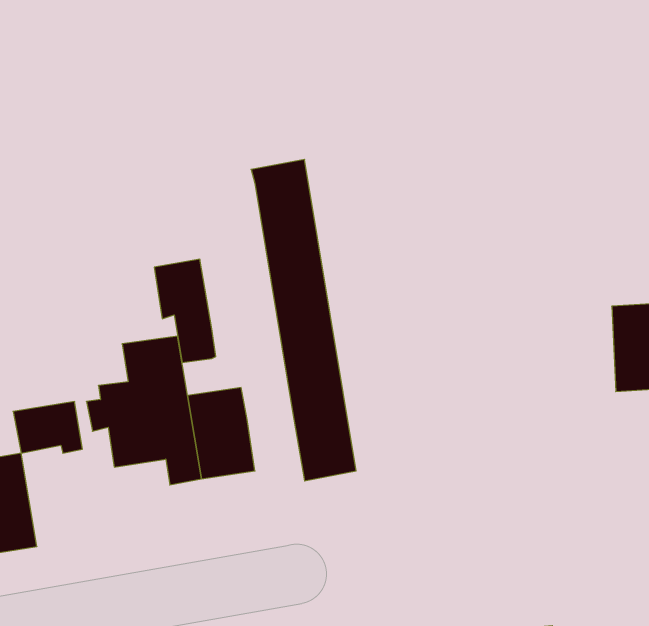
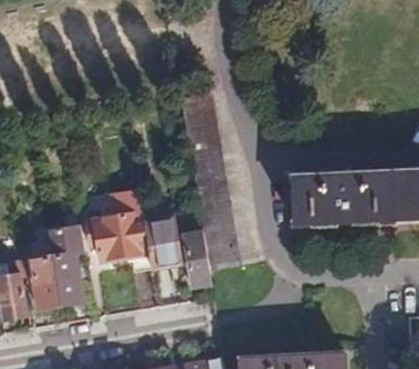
building: [154,259,216,362] -> [177,231,211,288]
building: none -> [294,172,383,223]
building: none -> [51,250,83,306]

